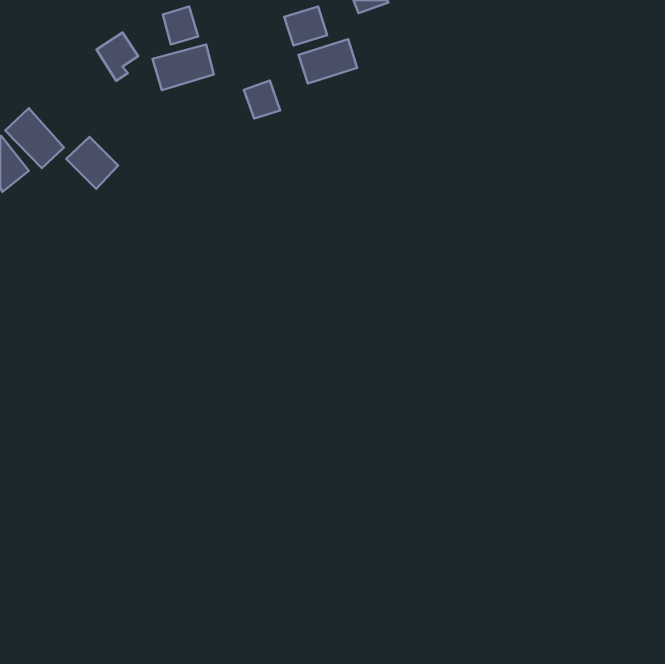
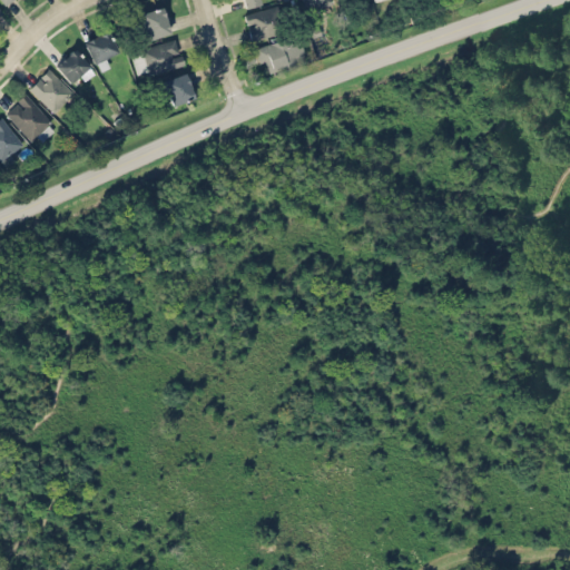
building: none -> [55,49,90,85]
building: [244,81,280,118] -> [164,73,195,106]
building: [66,137,118,189] -> [29,70,73,115]

